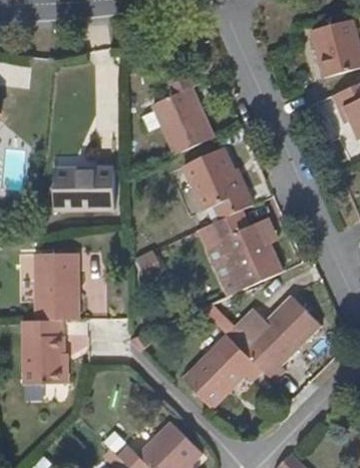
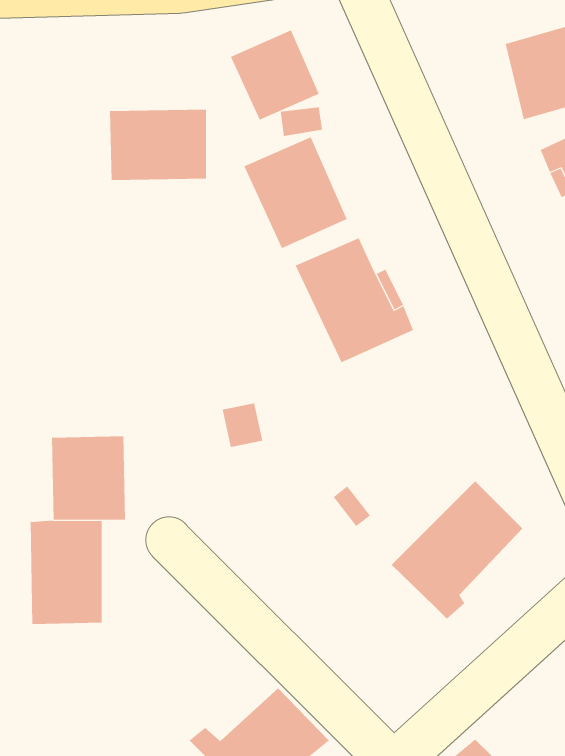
building: none -> [230,30,319,121]
building: [54,167,113,210] -> [109,109,207,180]
building: [212,204,283,289] -> none
building: [183,334,266,408] -> none

